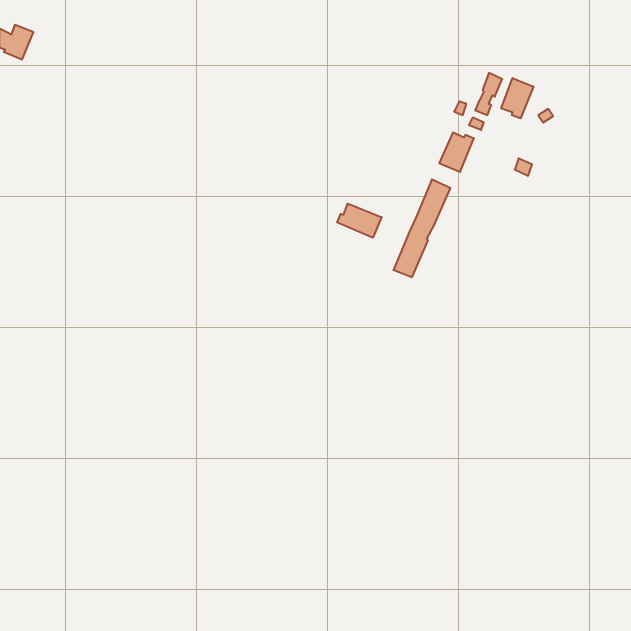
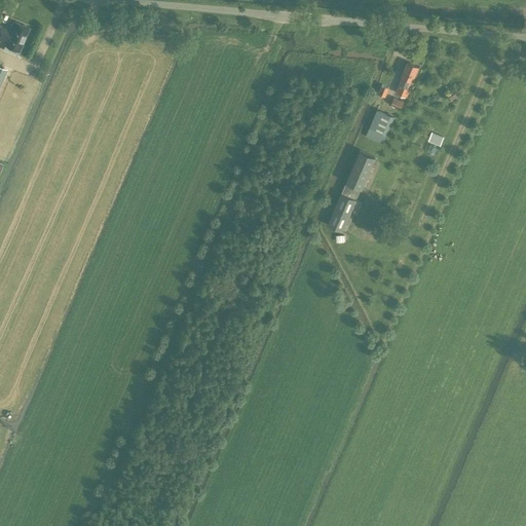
building: [501,78,533,118] -> none
building: [337,204,382,238] -> none

